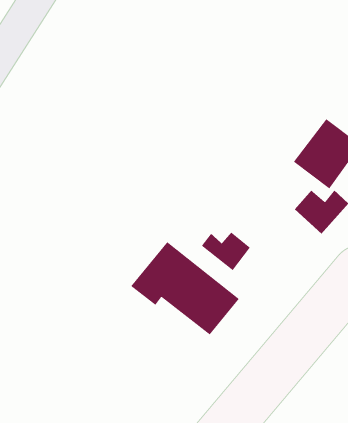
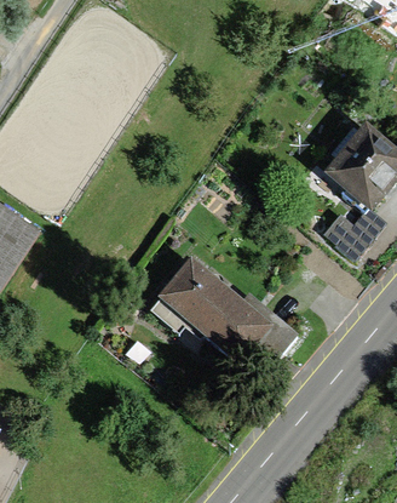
building: [201,232,251,271] -> none

